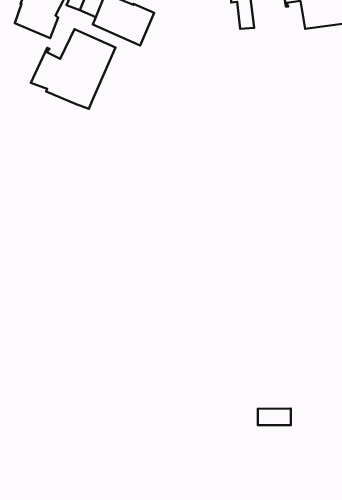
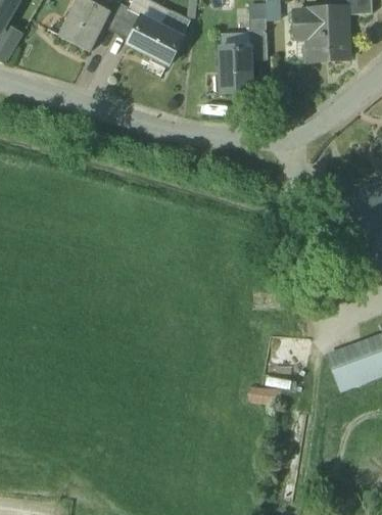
building: none -> [220,45,252,92]
building: [31,29,115,109] -> none

